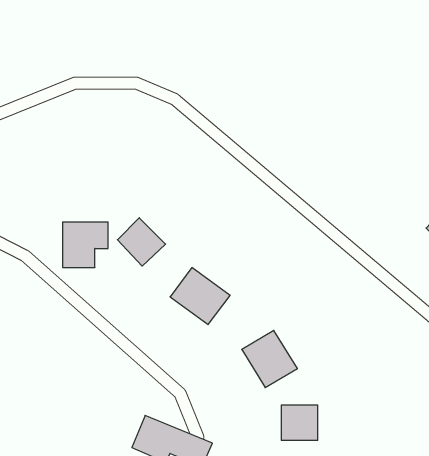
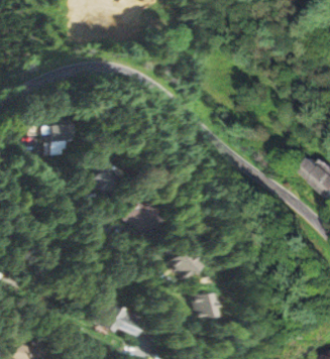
building: [63,222,108,267] -> [40,124,72,155]

